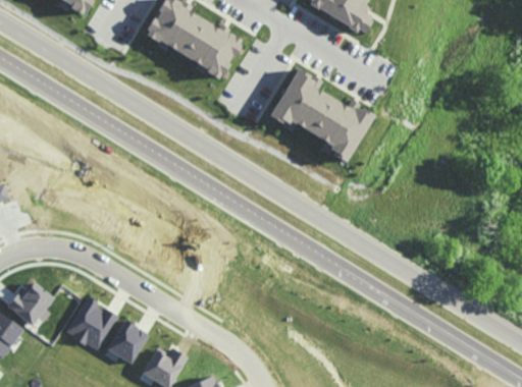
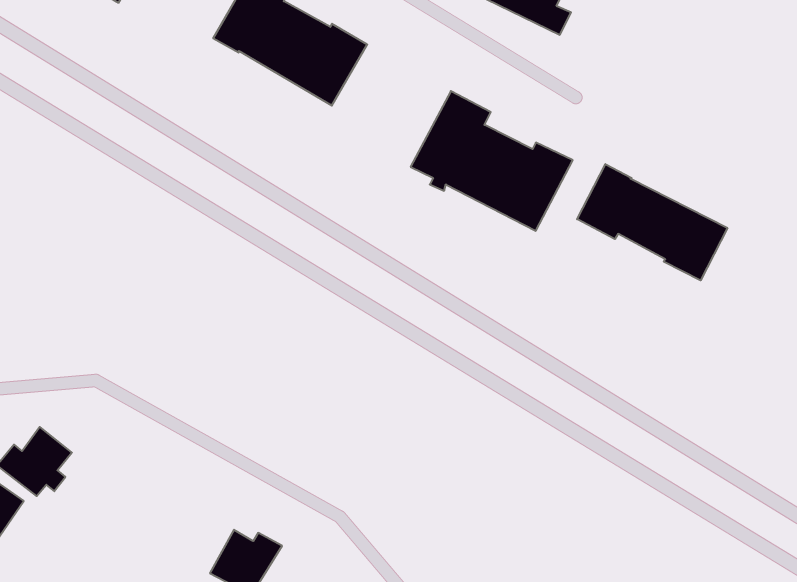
building: none -> [577,164,727,280]
building: [65,294,118,351] -> none
building: [107,320,148,364] -> none

